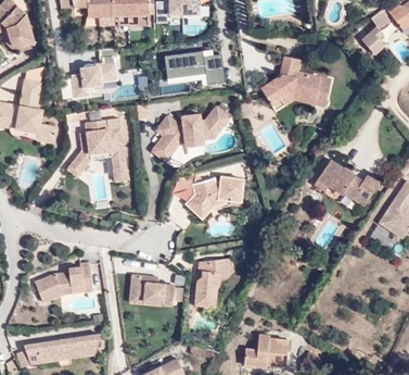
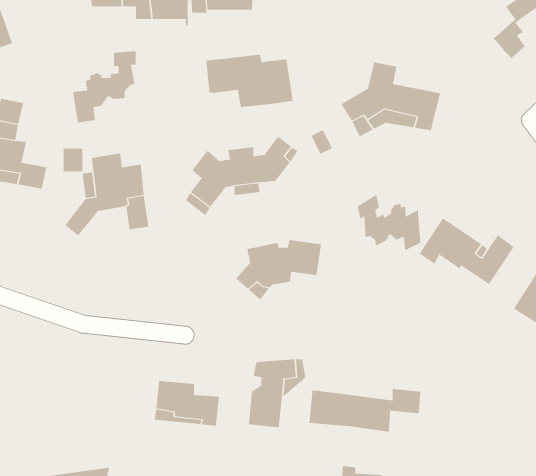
building: none -> [357,194,421,251]
building: [35,263,92,303] -> none
building: none -> [309,388,421,433]

